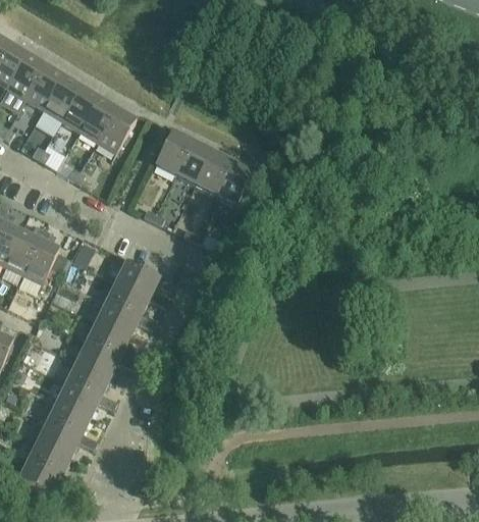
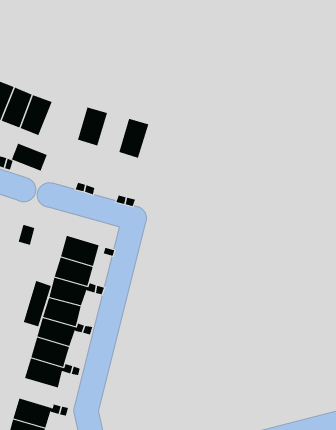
building: [174,141,211,184] -> none
building: none -> [11,143,48,171]
building: [214,160,252,204] -> none
building: none -> [23,280,51,327]
building: [47,401,90,436] -> none

